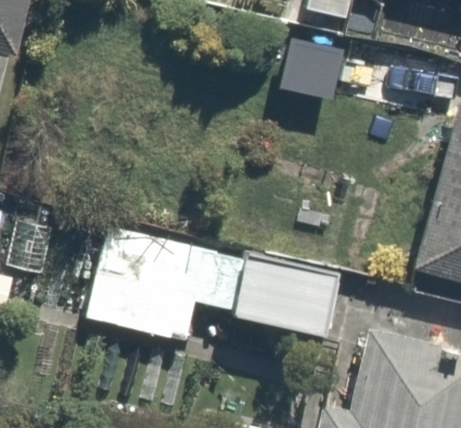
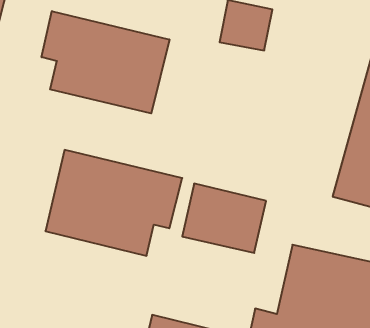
building: none -> [42,11,169,113]

